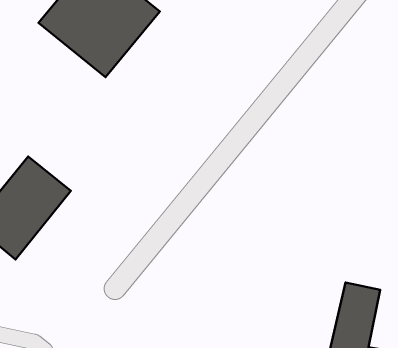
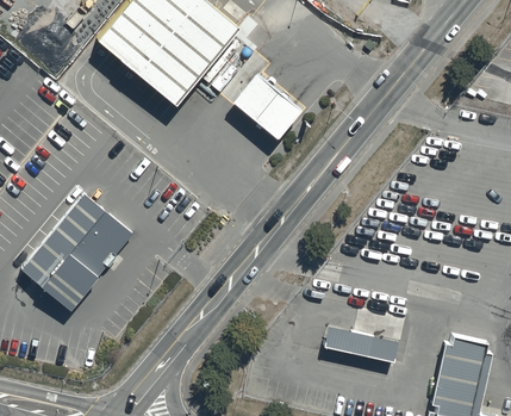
building: none -> [231,74,299,138]
building: none -> [325,324,400,362]

